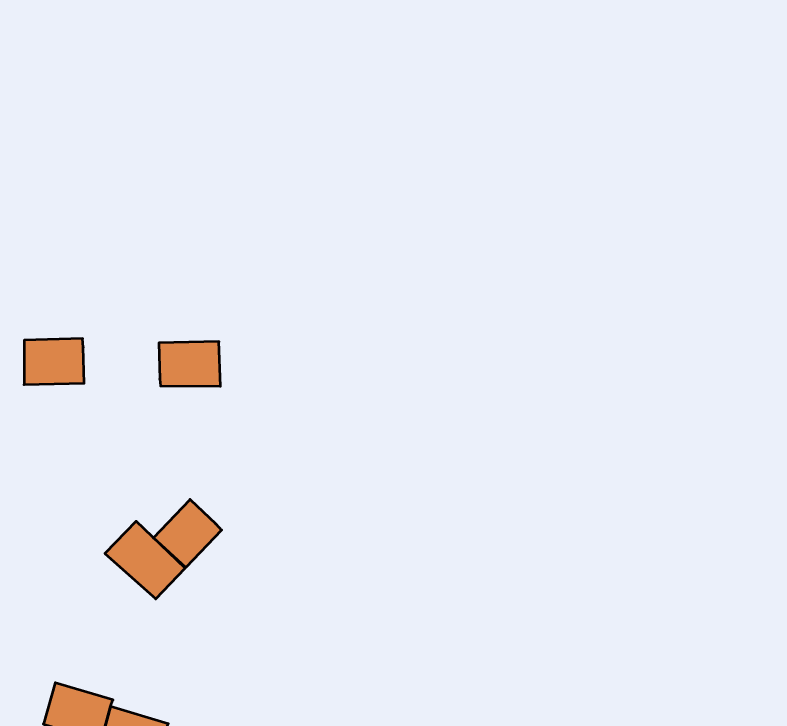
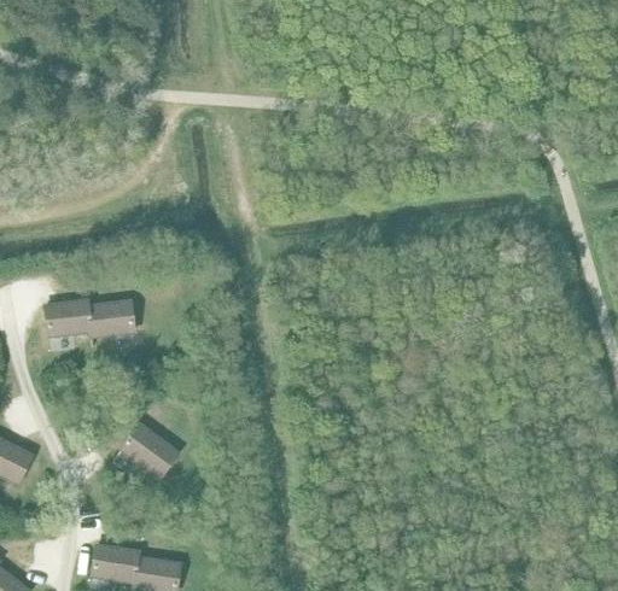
building: [159,342,220,386] -> [88,300,135,337]
building: [153,499,222,567] -> none

